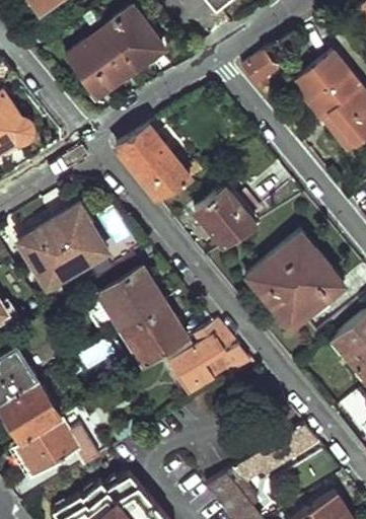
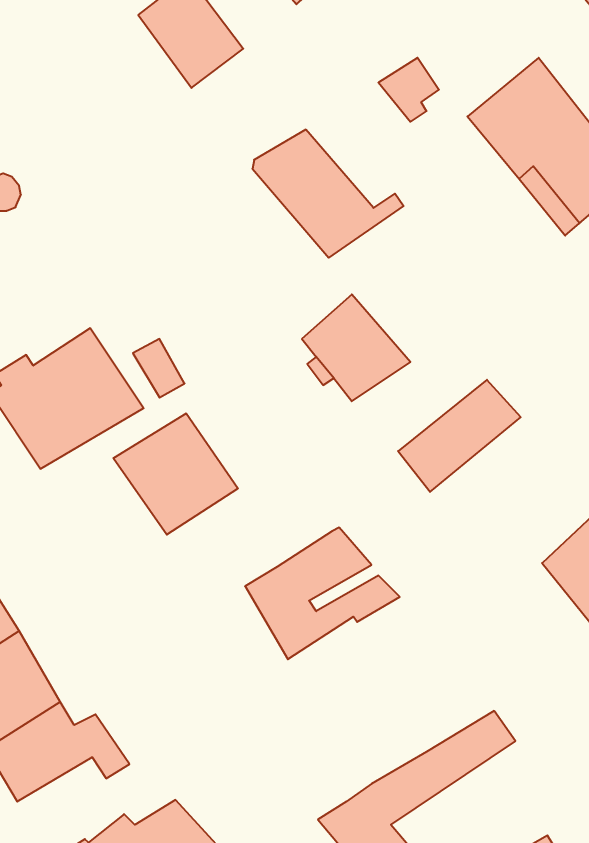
building: [68,28,134,98] -> none
building: [117,128,203,201] -> [252,130,404,258]
building: [270,257,343,325] -> none
building: [120,298,182,365] -> none

